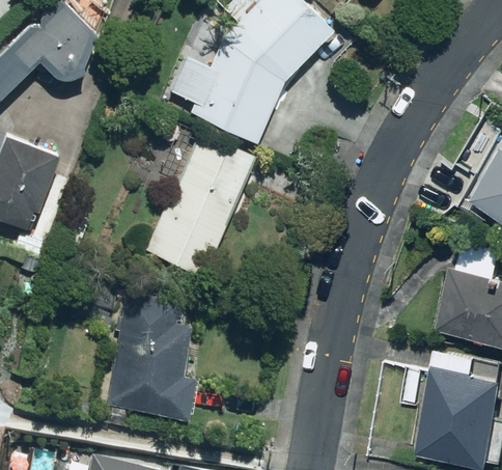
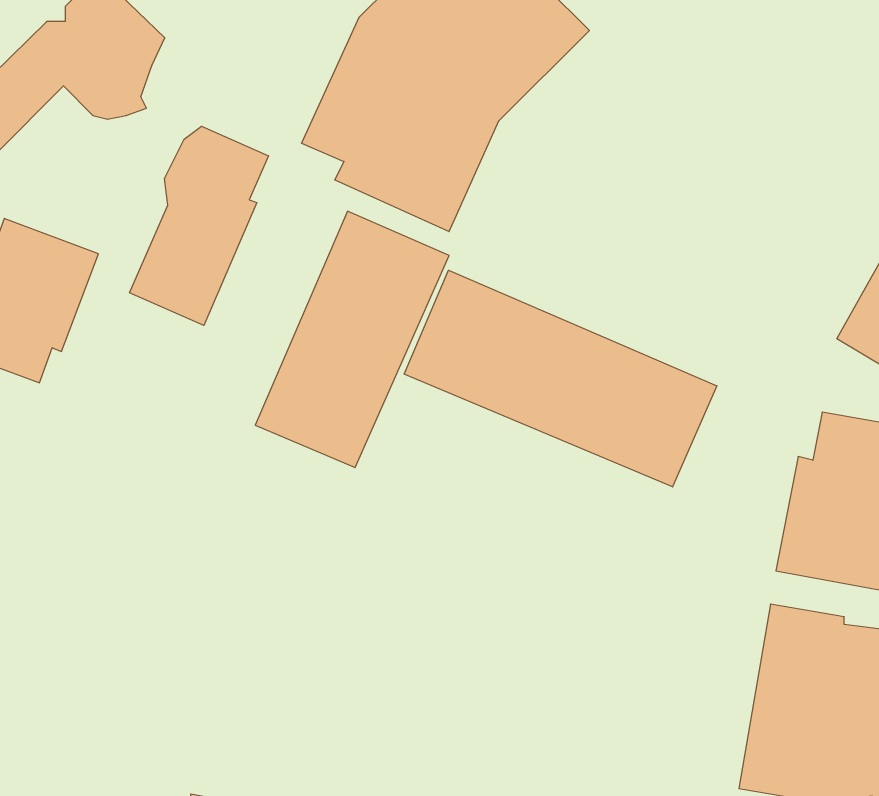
building: none -> [130,126,268,325]
building: none -> [404,270,717,487]
building: [108,295,196,421] -> none

